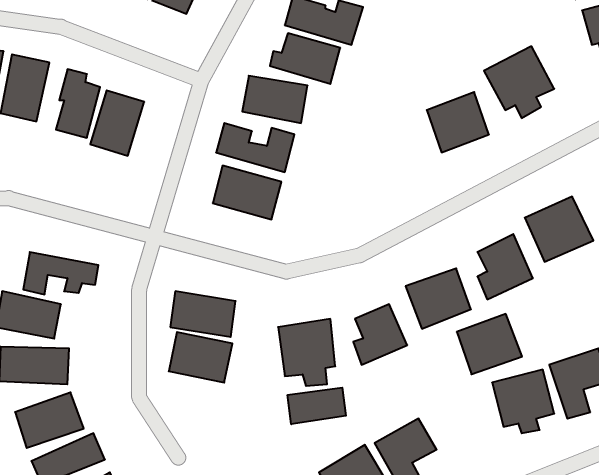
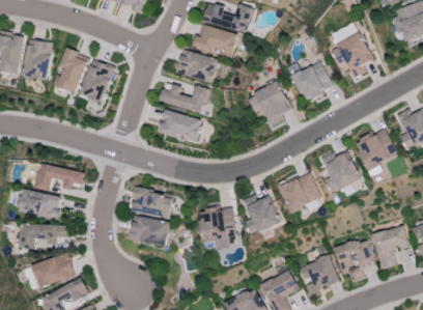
building: none -> [247,83,290,128]
building: [457,314,522,374] -> [298,255,339,293]
building: [288,388,346,424] -> none

